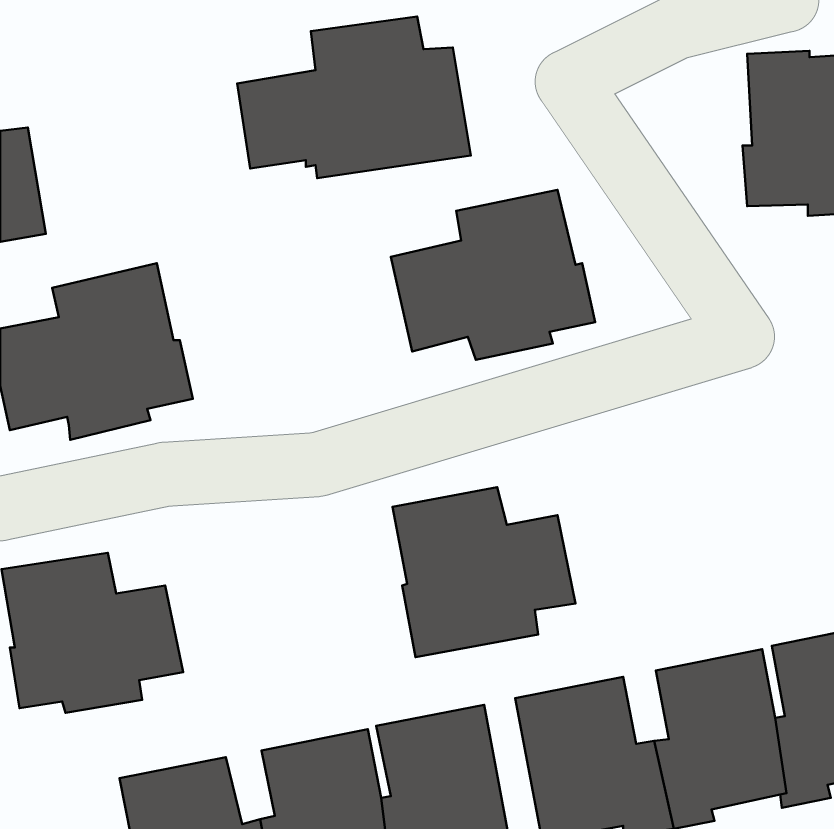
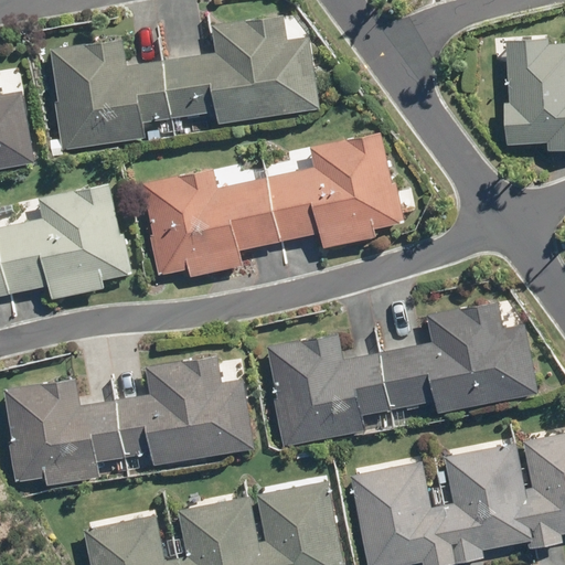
building: none -> [50,39,170,151]
building: none -> [140,169,279,277]
building: none -> [377,301,539,413]
building: none -> [113,355,253,465]

